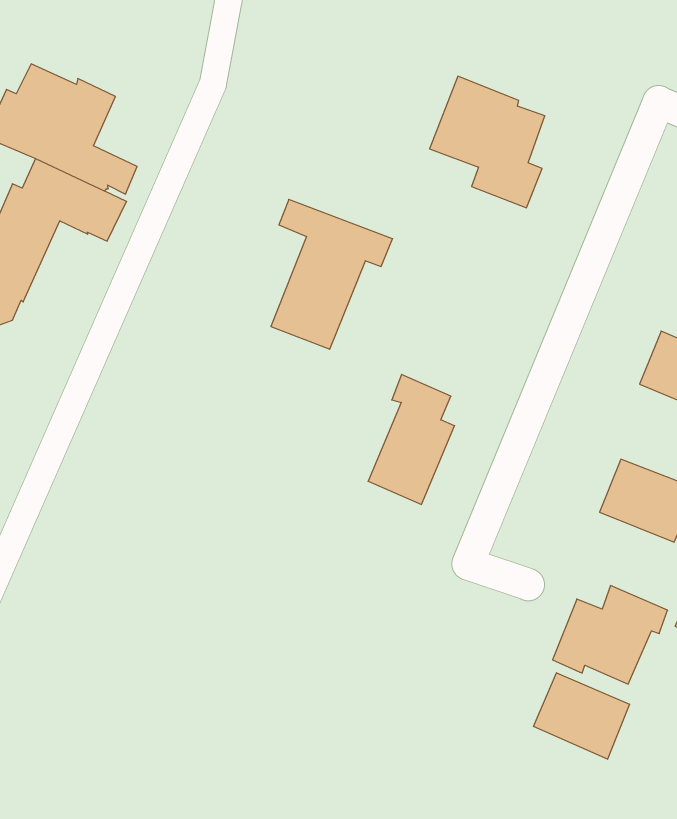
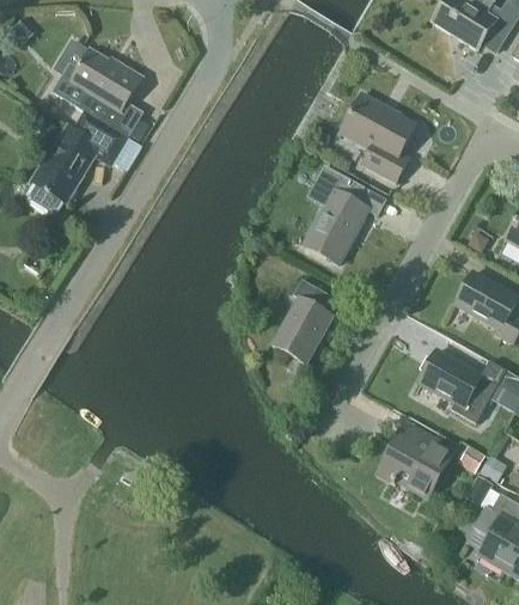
building: [271,199,393,349] -> [303,164,387,263]
building: [534,673,629,759] -> none

